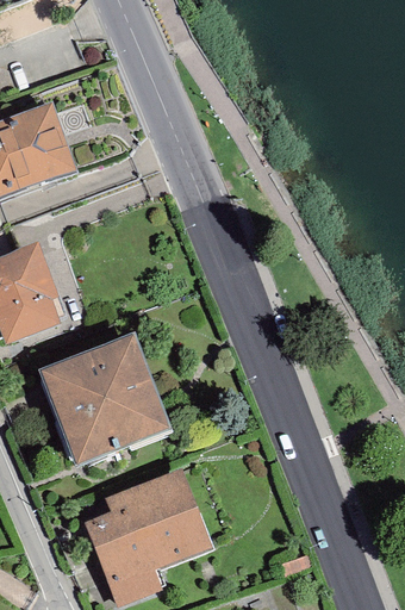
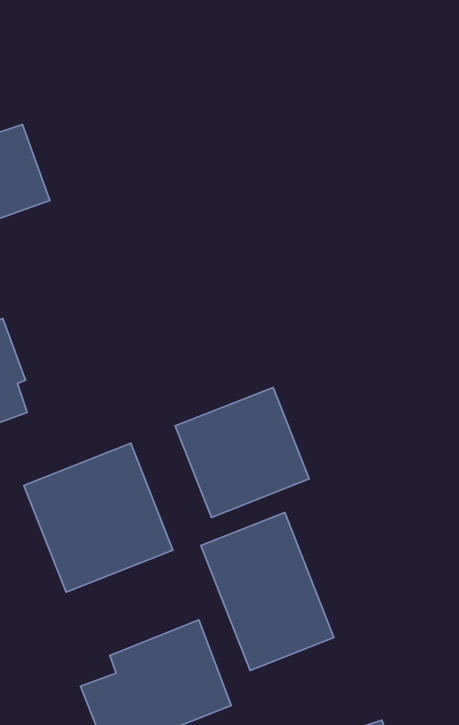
building: none -> [175,387,309,517]
building: none -> [201,513,334,670]

